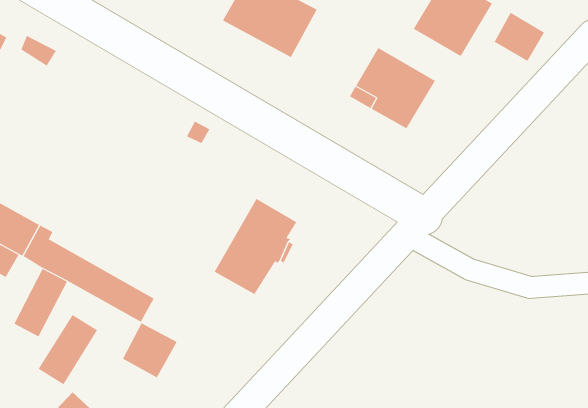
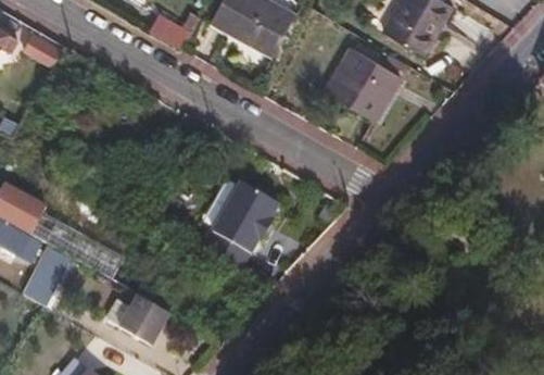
building: none -> [149,11,199,48]
building: [494,12,545,62] -> none
building: [38,314,98,385] -> none

